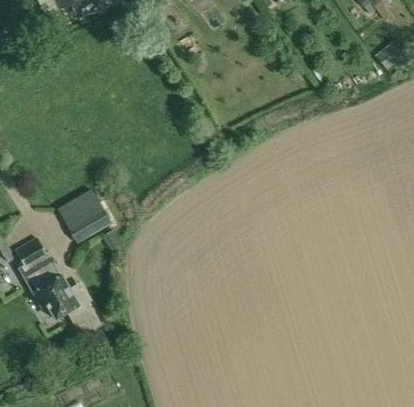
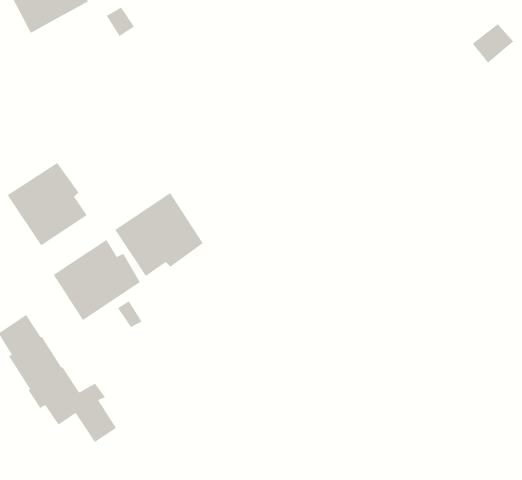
building: none -> [7,162,88,246]
building: none -> [115,192,203,277]

